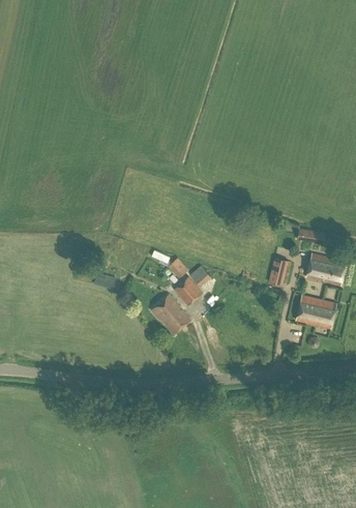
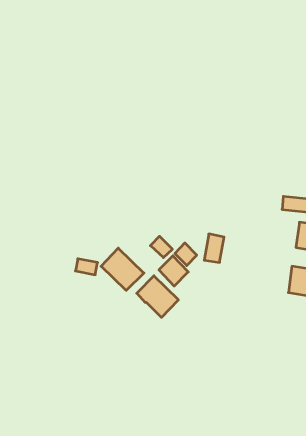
building: [268,257,289,285] -> [204,234,224,262]
building: none -> [101,248,144,290]

